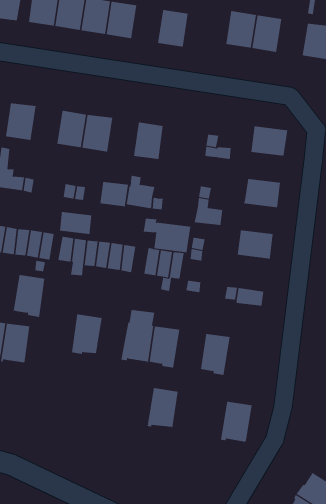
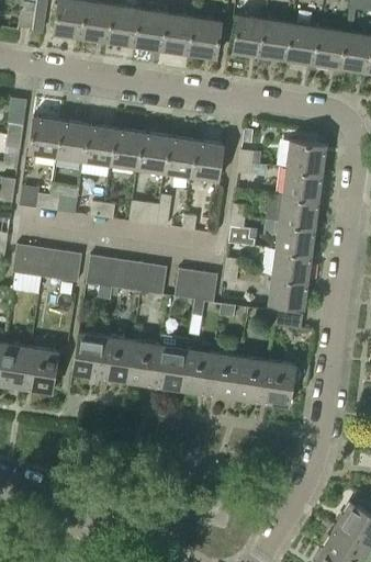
building: none -> [162,14,194,54]
building: none -> [233,15,266,55]
building: none -> [314,29,346,67]
building: none -> [57,120,89,159]
building: none -> [137,132,169,172]
building: none -> [191,140,224,180]
building: none -> [283,168,322,200]
building: [60,211,92,235] -> none
building: [143,218,191,253] -> [265,217,315,254]
building: none -> [268,276,307,308]
building: [13,274,45,317] -> [70,333,104,378]
building: none -> [125,341,158,385]
building: [147,387,178,429] -> [206,353,239,397]
building: [220,401,253,444] -> [259,361,293,406]

